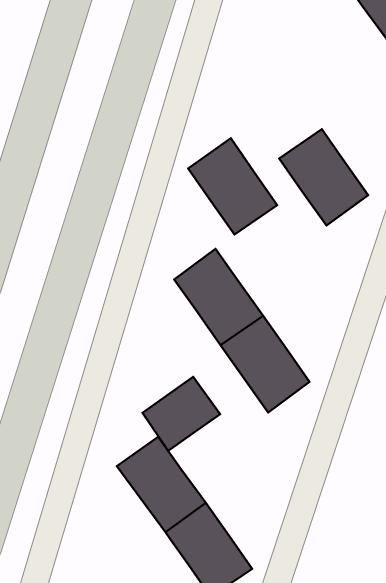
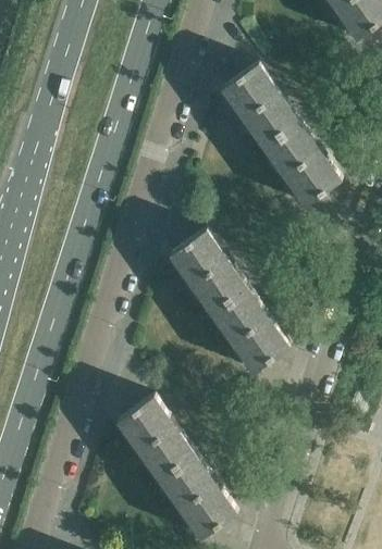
building: [188,138,277,235] -> [221,62,300,148]
building: [142,377,220,451] -> none

